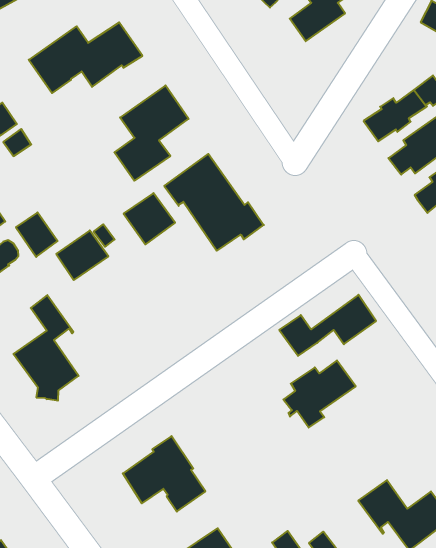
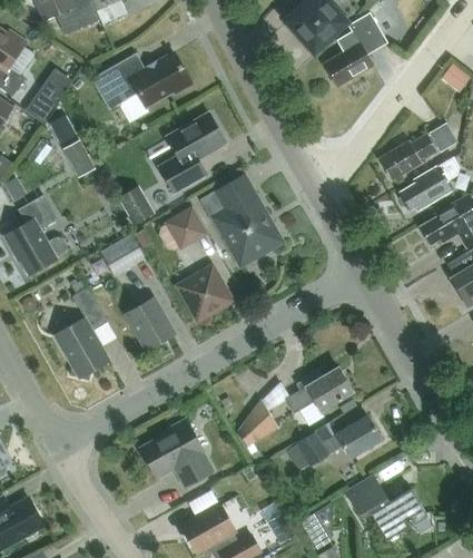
building: [16,212,58,257] -> [118,185,154,224]
building: none -> [178,265,233,320]
building: [279,295,376,356] -> [295,415,381,464]
building: none -> [128,297,174,349]
building: none -> [237,400,278,448]

